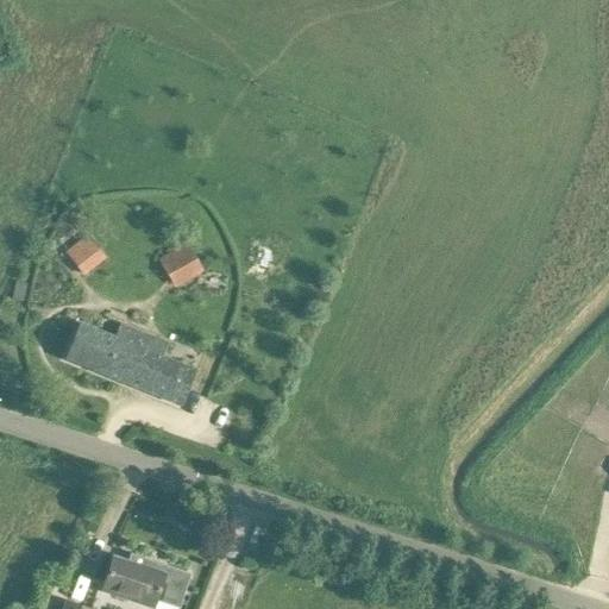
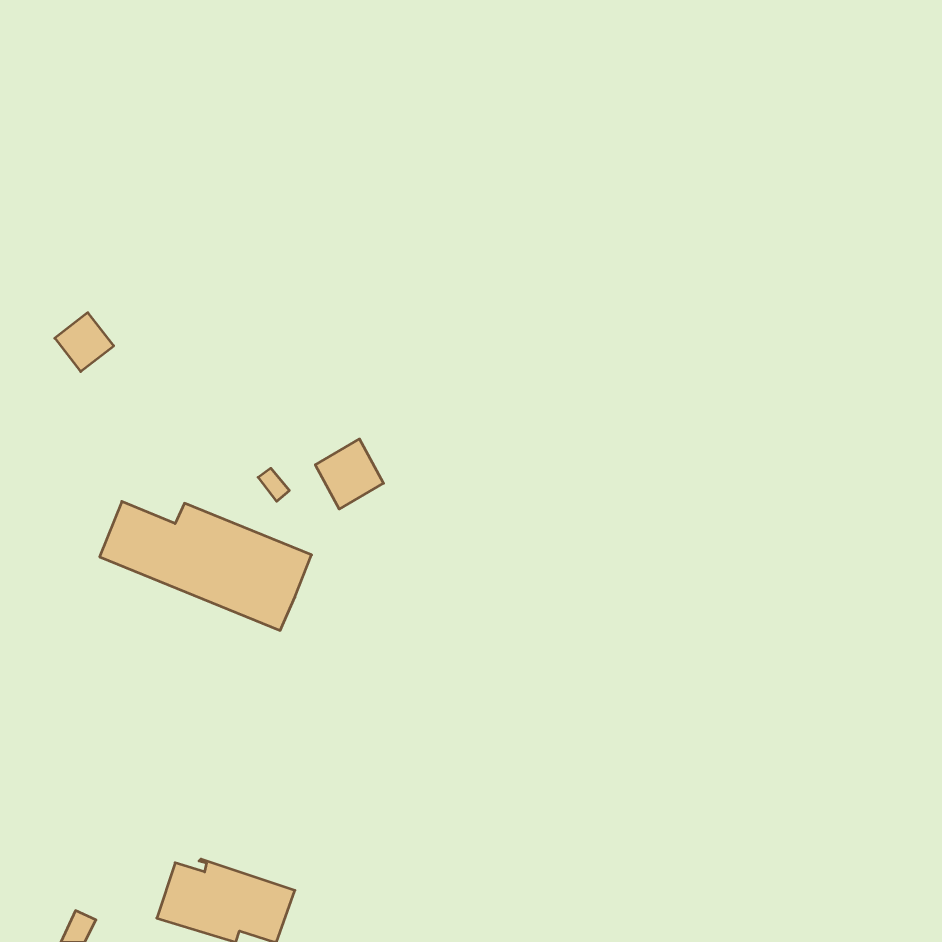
building: [68,236,106,274] -> [55,313,114,372]
building: [158,243,202,288] -> [315,439,384,509]

